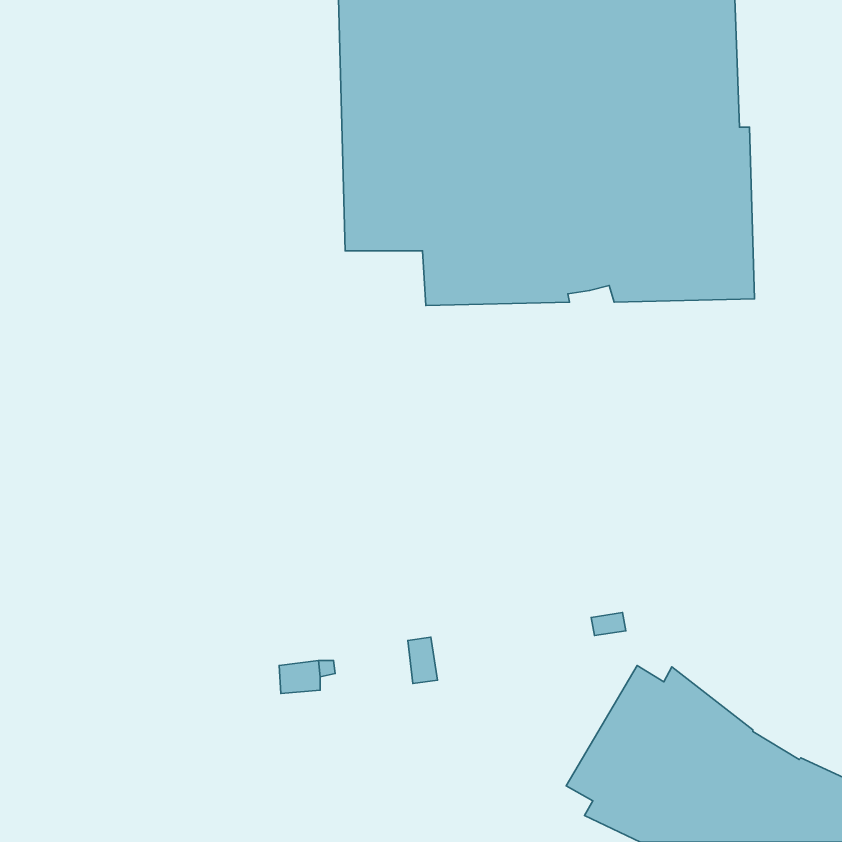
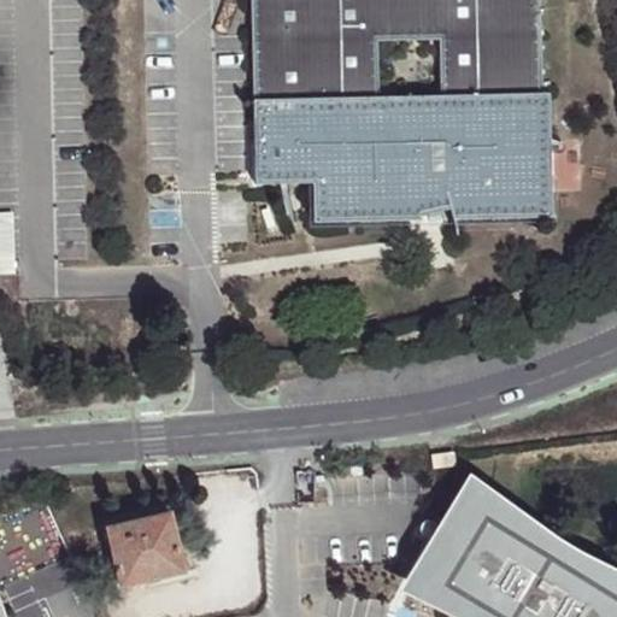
building: none -> [108,513,184,586]

